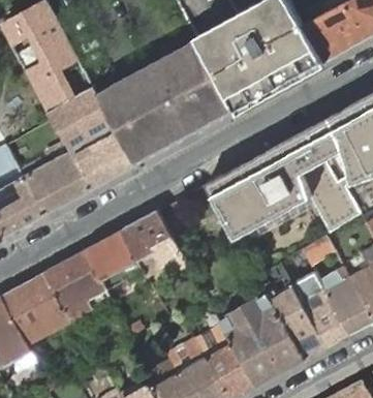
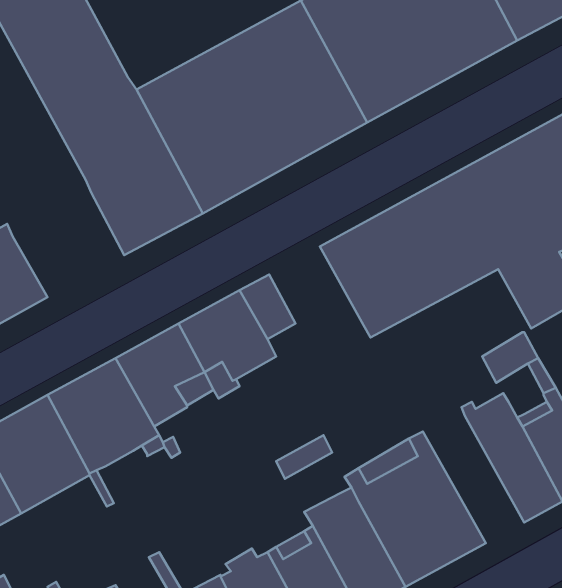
building: [20,145,89,214] -> none
building: [255,271,325,360] -> none

